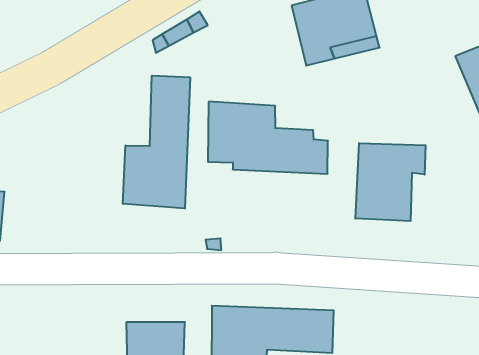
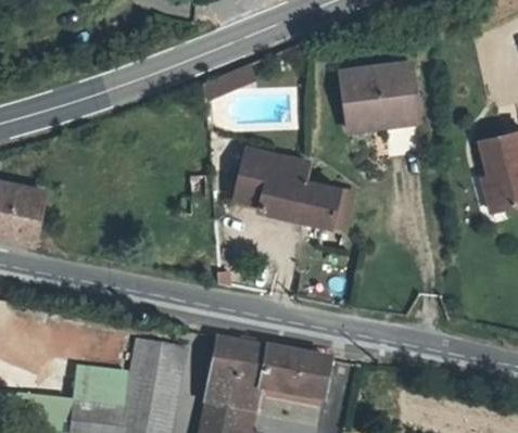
building: [123,76,190,209] -> none
building: [355,143,426,221] -> none

